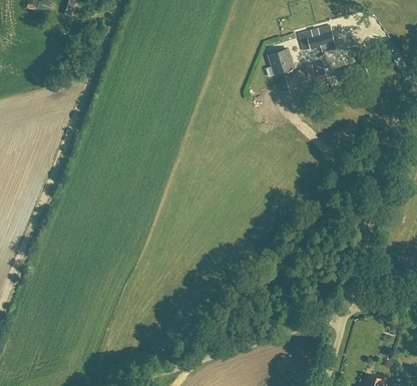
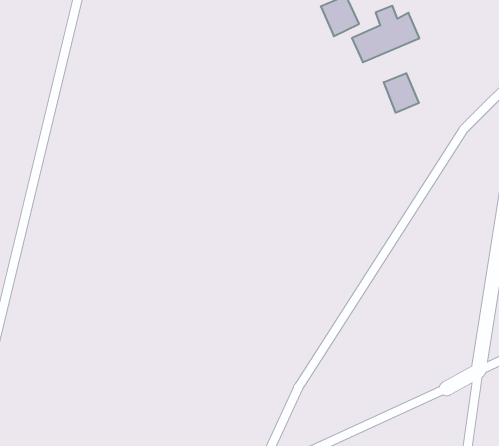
building: none -> [384,73,419,113]

